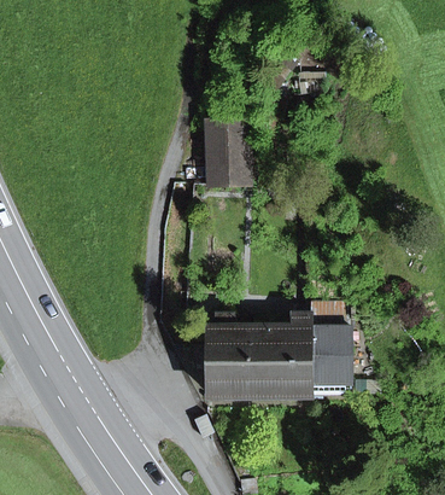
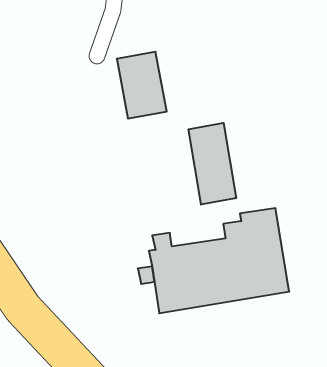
building: none -> [189,123,236,205]

